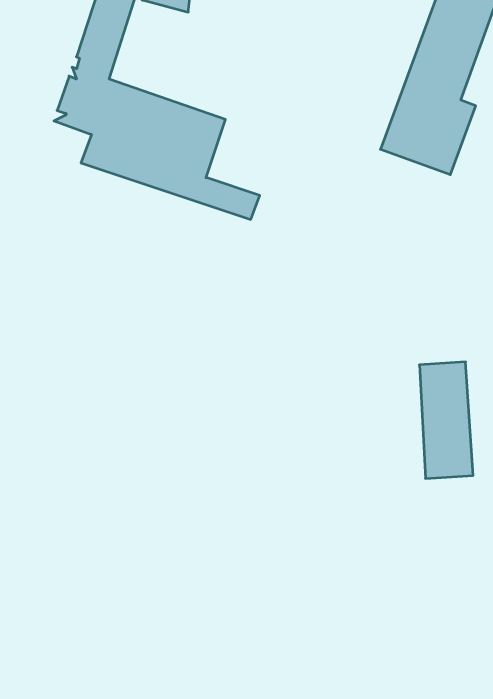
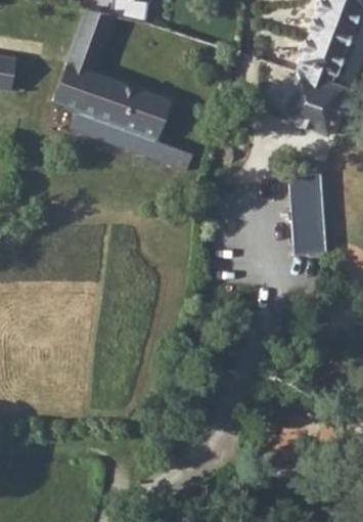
building: [419,362,473,478] -> [292,174,329,254]

